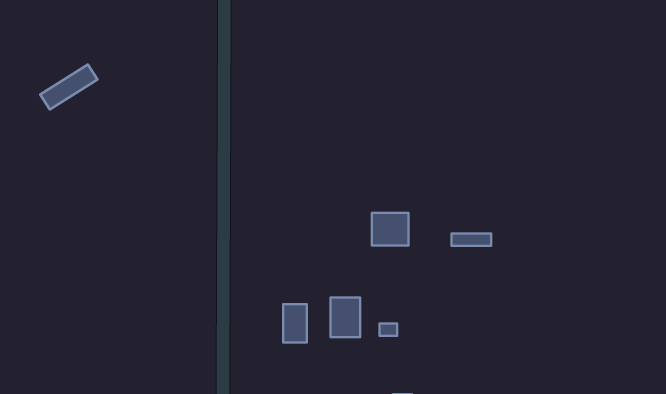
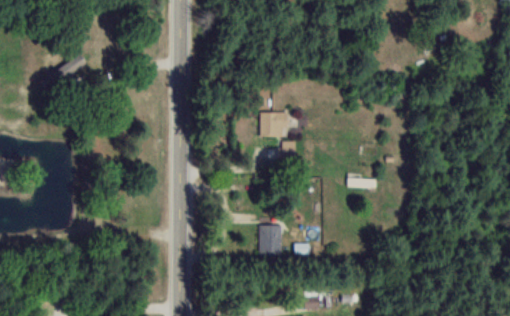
building: [372,213,408,245] -> [260,113,287,137]
building: [283,304,307,342] -> none

